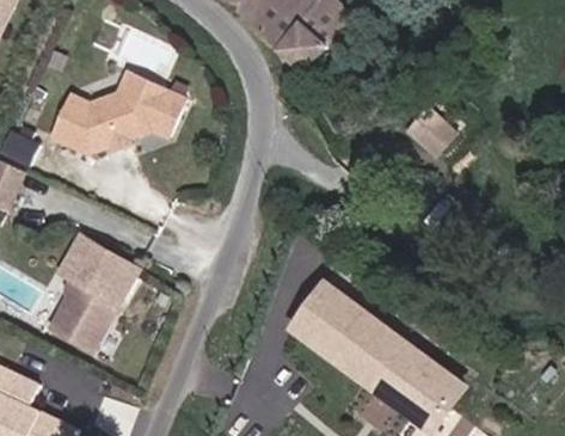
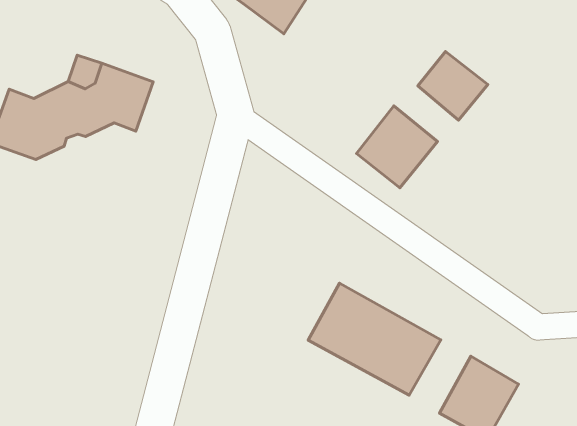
building: none -> [356,106,437,188]
building: [49,232,135,346] -> none
building: [367,333,419,392] -> none

